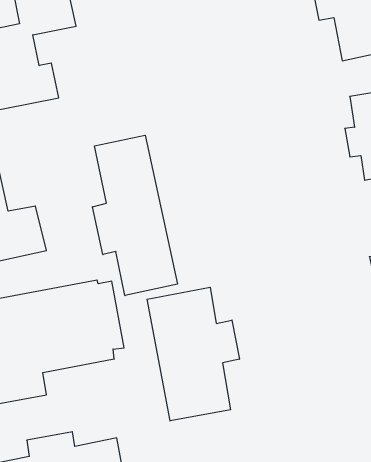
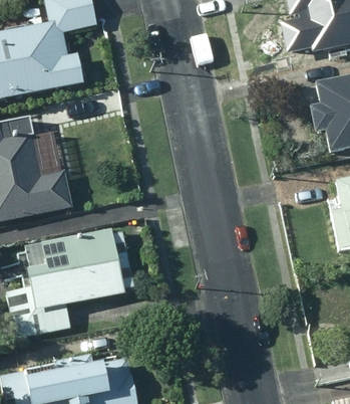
building: [92,135,177,296] -> none
building: [147,287,239,421] -> none

